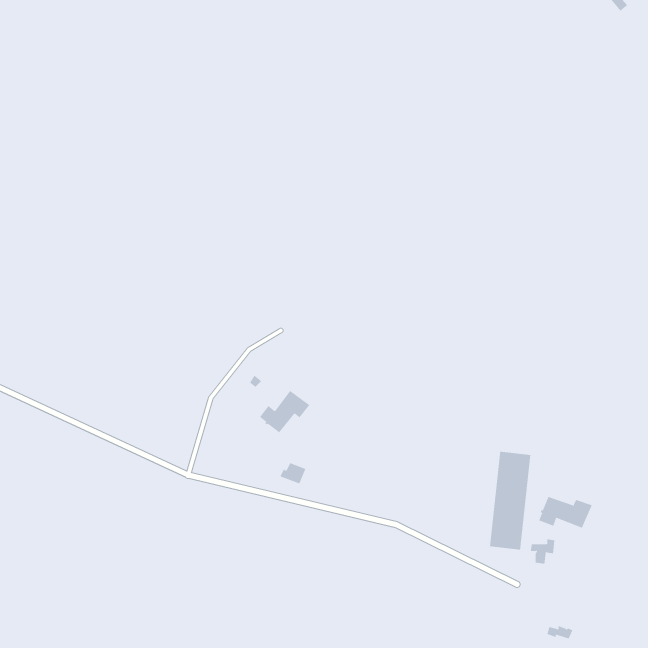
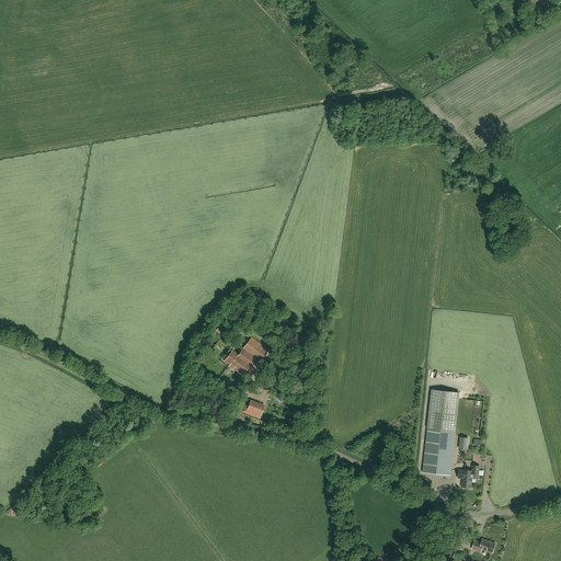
building: [539,496,593,529] -> none

